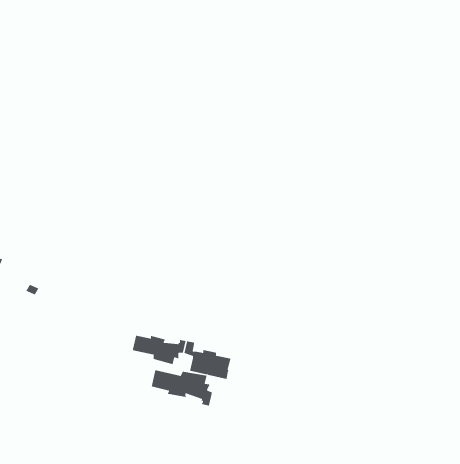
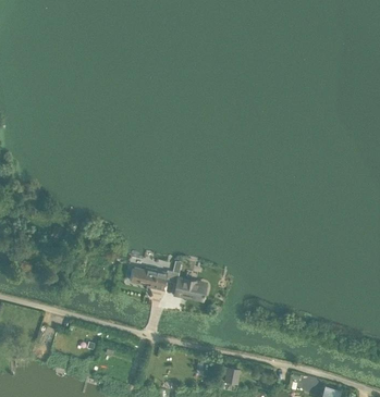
building: [151,366,213,407] -> none

